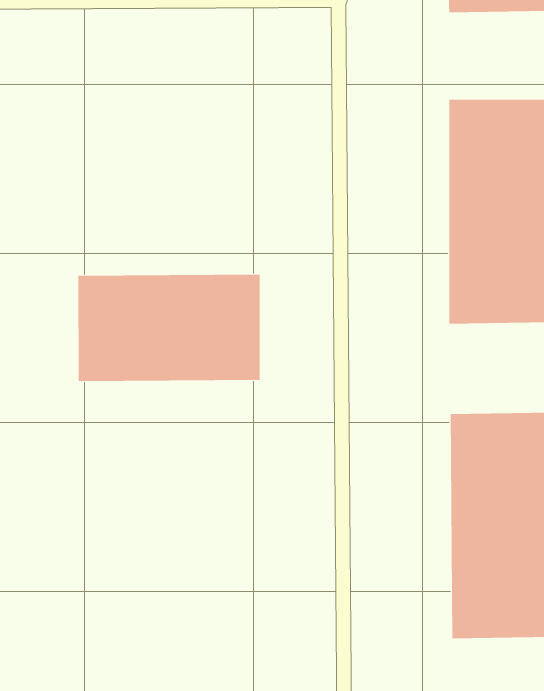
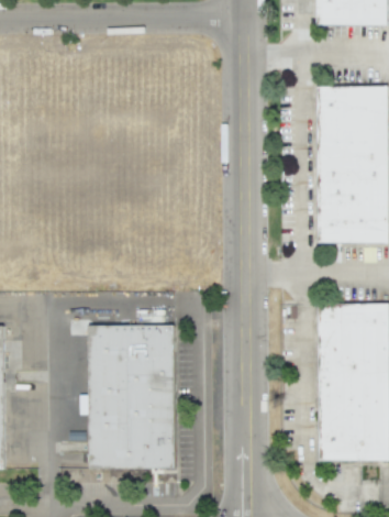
building: [78,274,260,382] -> none
building: none -> [88,326,174,469]

